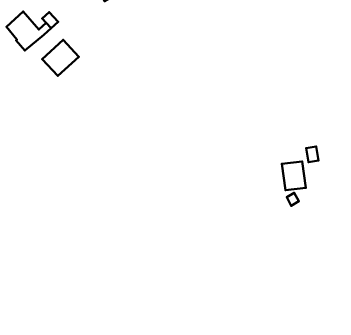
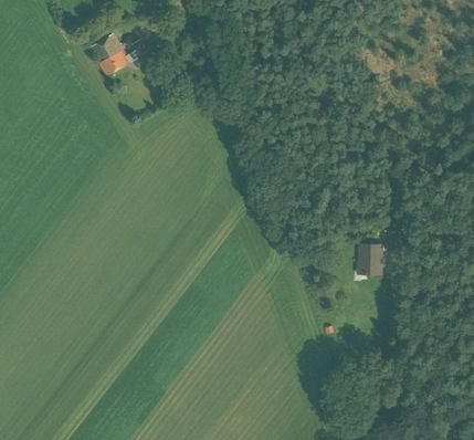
building: [42,40,79,76] -> none

